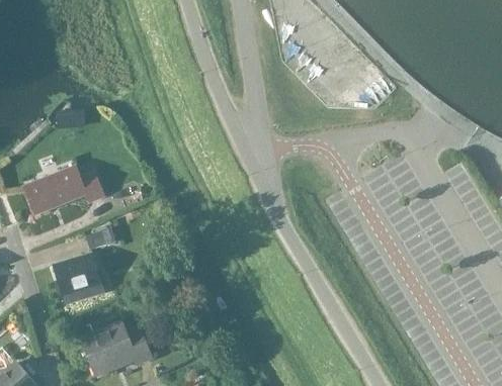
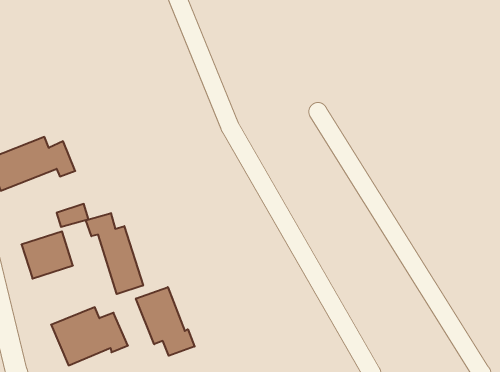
building: none -> [86,213,143,294]
building: none -> [136,287,195,356]

